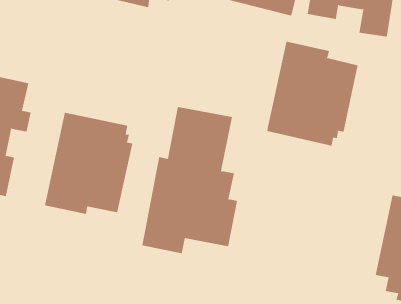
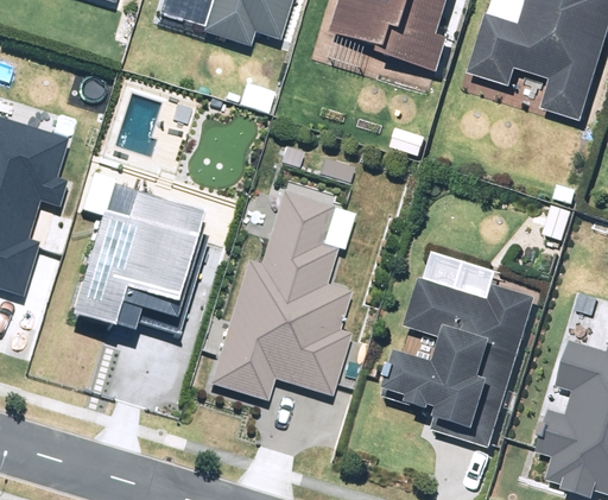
building: [267,41,358,146] -> none
building: none -> [376,277,534,447]

